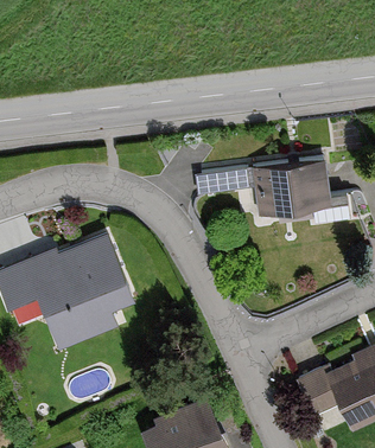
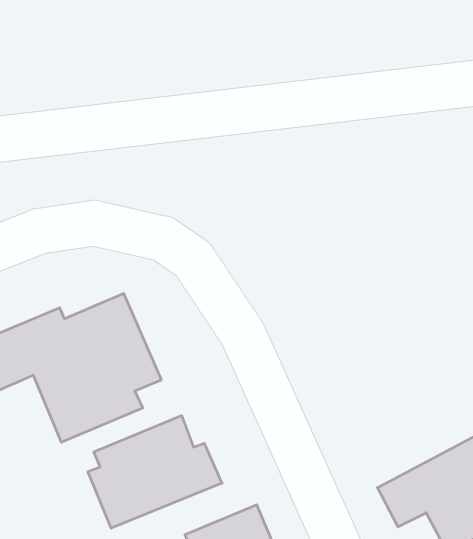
building: [196,160,331,216] -> none
building: none -> [88,416,222,528]

